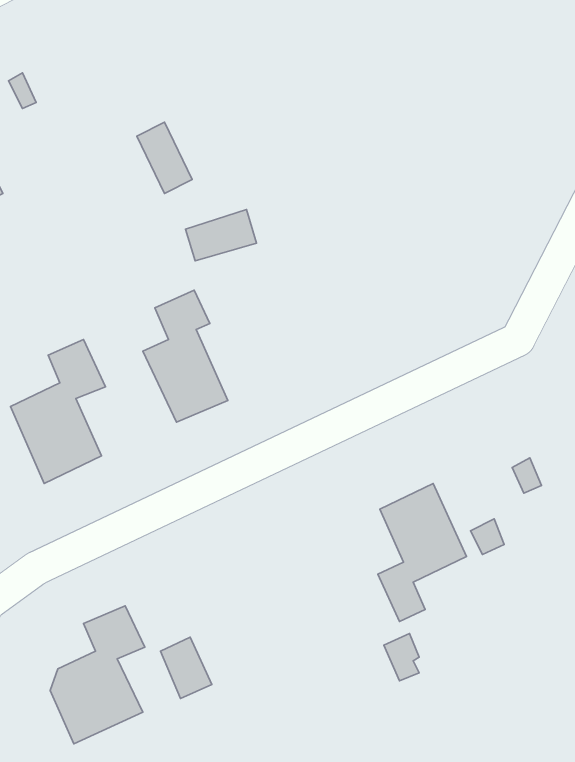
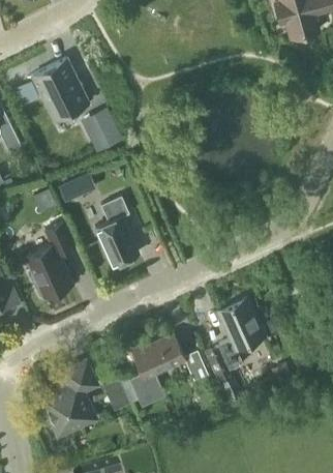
building: none -> [32,60,88,120]
building: [185,209,256,261] -> [60,174,97,201]
building: none -> [129,334,208,407]

